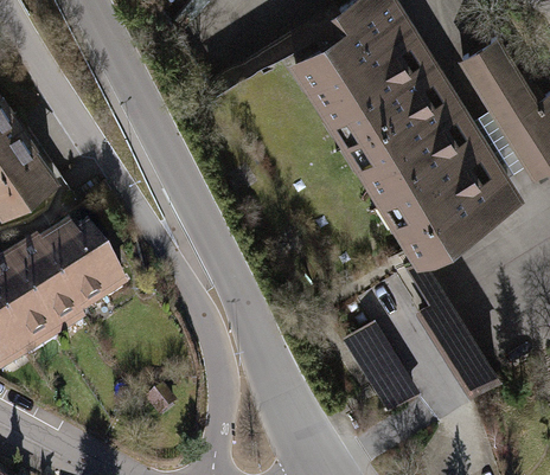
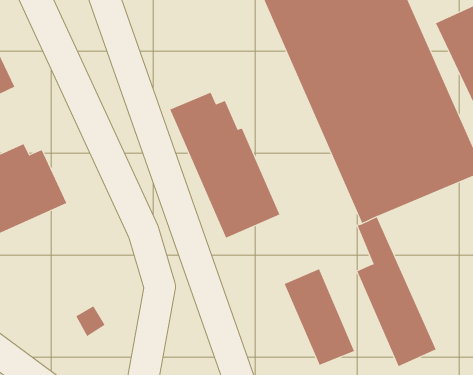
building: none -> [169,92,280,239]

